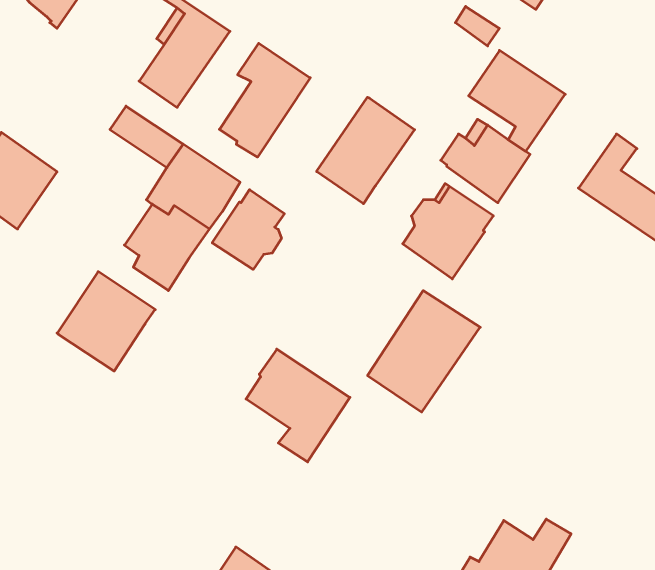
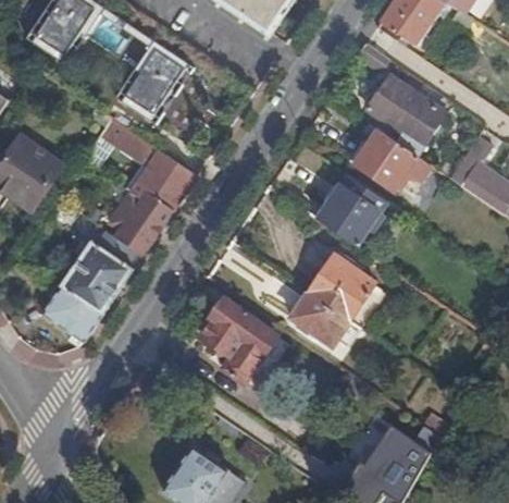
building: [219,43,310,157] -> none
building: [317,97,415,204] -> none
building: [212,190,284,269] -> none
building: none -> [44,287,102,342]

